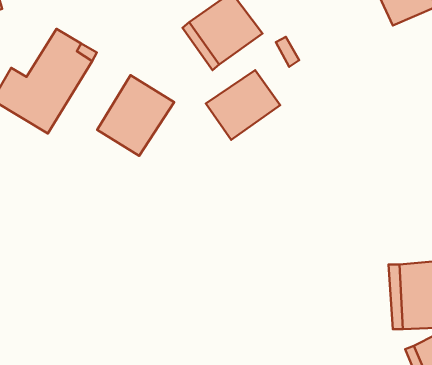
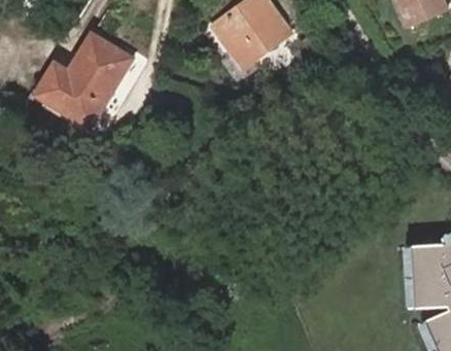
building: [206,70,280,140] -> none
building: [97,75,174,156] -> none

